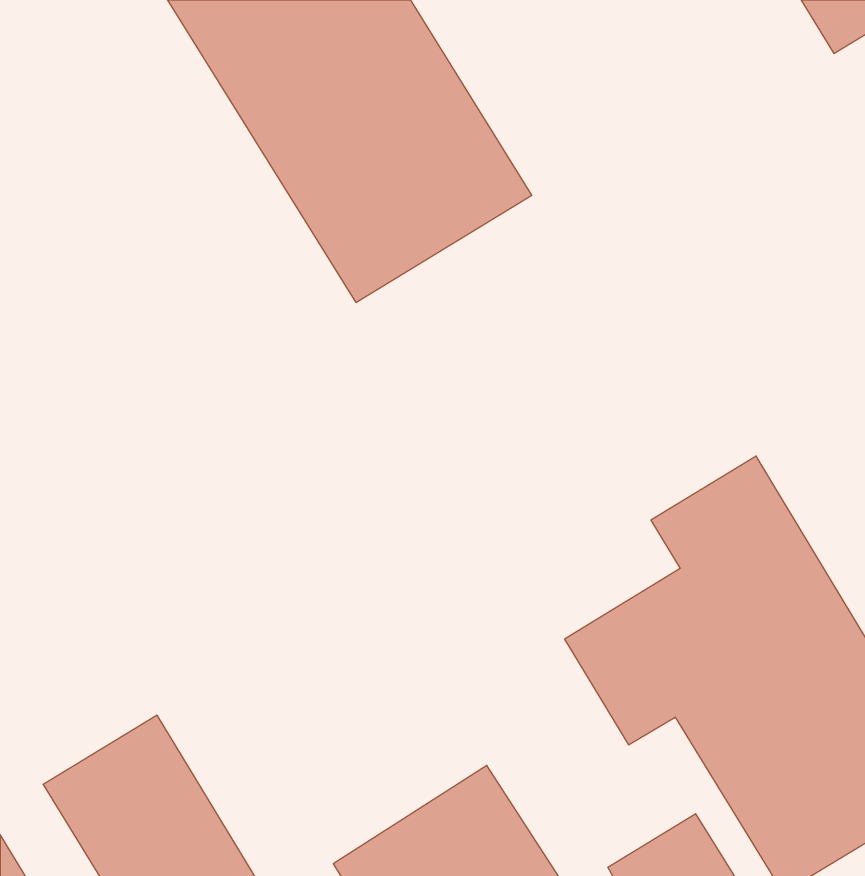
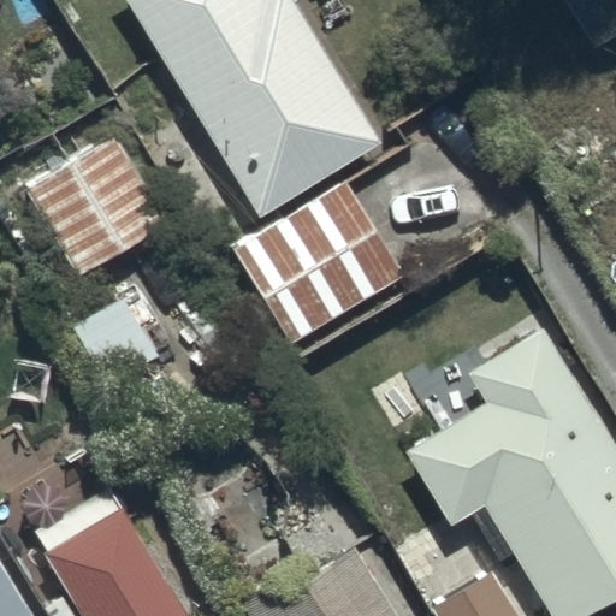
building: none -> [30,136,173,278]
building: none -> [231,184,399,345]

